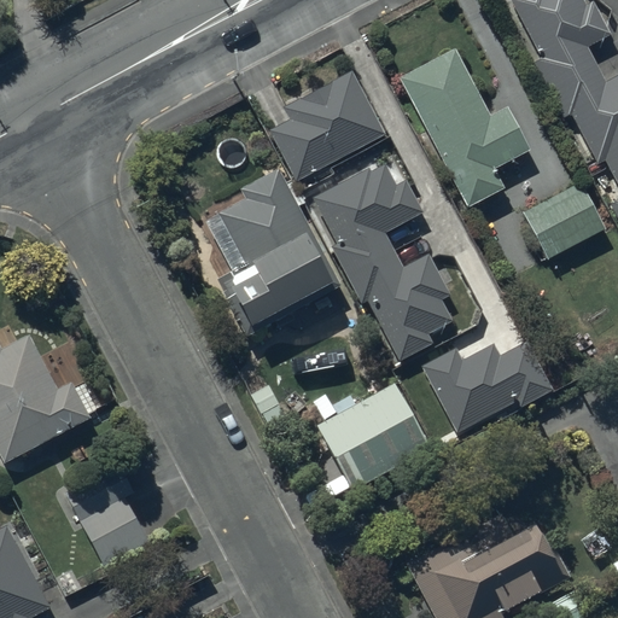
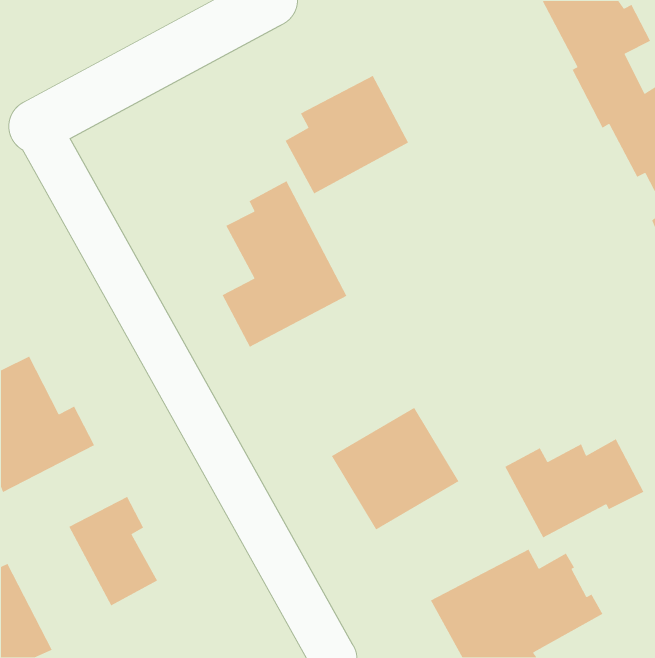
building: [397,46,530,205] -> none
building: [314,168,455,362] -> none
building: [524,183,607,262] -> none
building: [419,339,550,433] -> [504,438,644,539]

